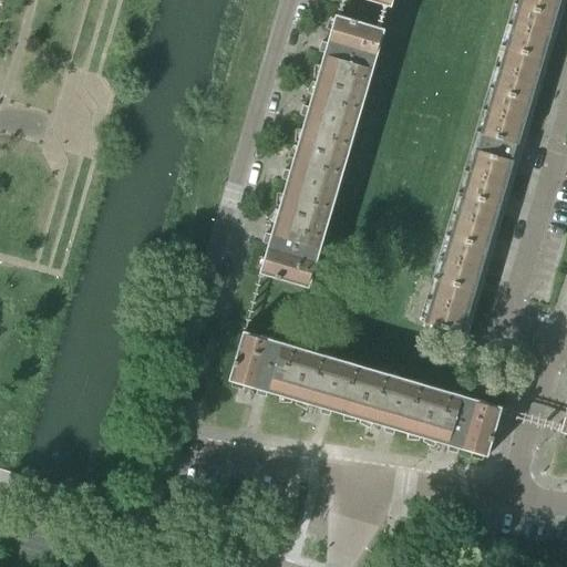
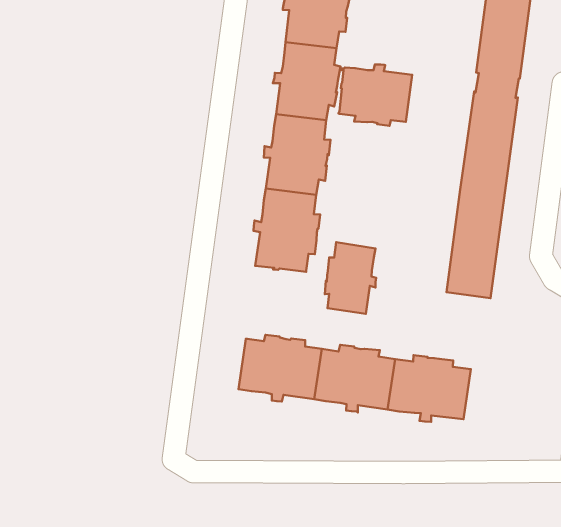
building: none -> [339,64,412,126]
building: none -> [325,242,376,314]
building: [424,390,502,454] -> none

